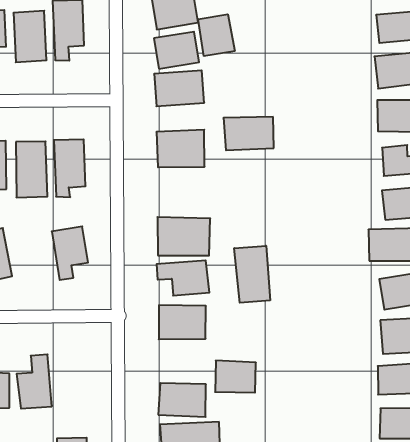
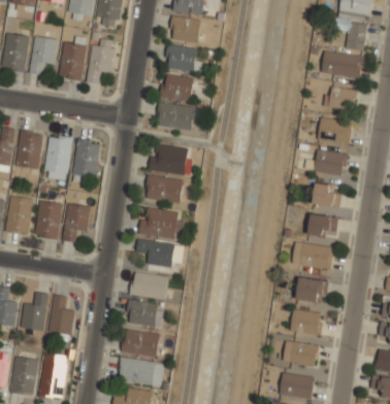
building: [198,14,235,56] -> none
building: [223,117,274,150] -> [144,175,183,203]
building: none -> [35,201,61,238]
building: [234,246,270,303] -> none
building: none -> [48,294,74,335]
building: [215,361,256,393] -> [125,298,158,326]

